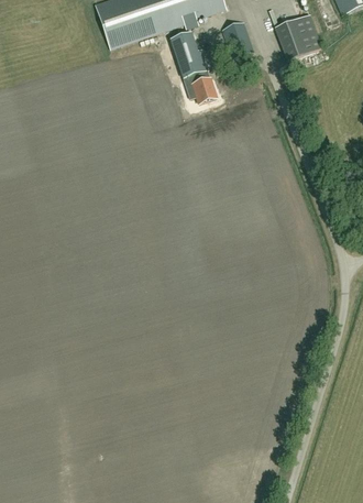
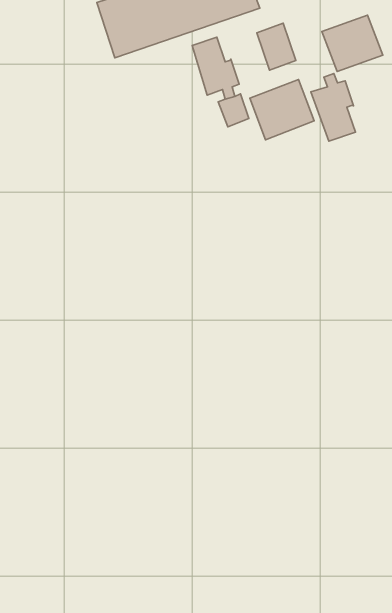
building: none -> [311,73,355,141]
building: none -> [250,79,314,140]

